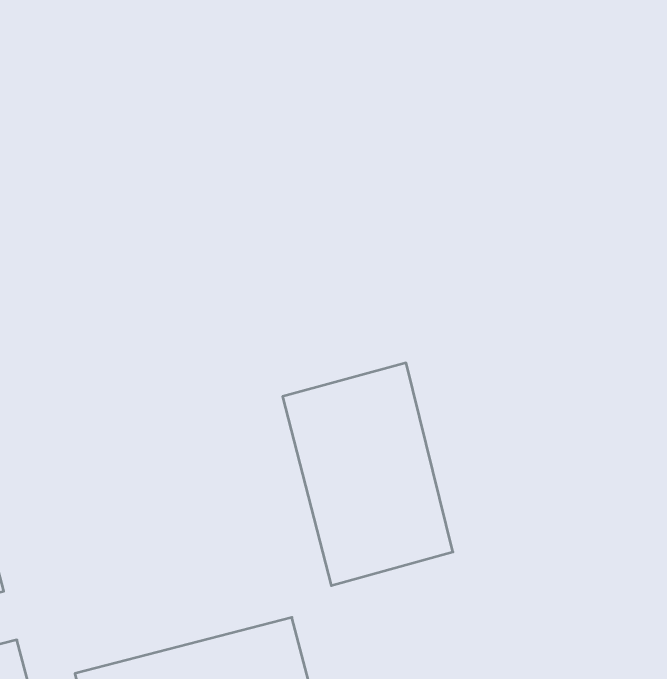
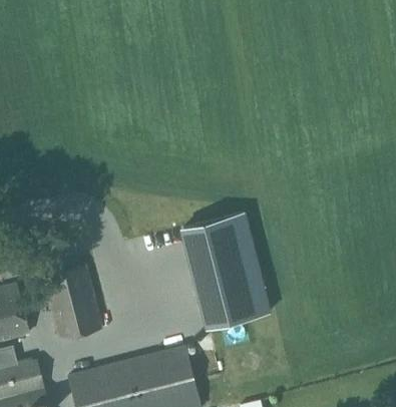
building: none -> [41,263,102,339]

